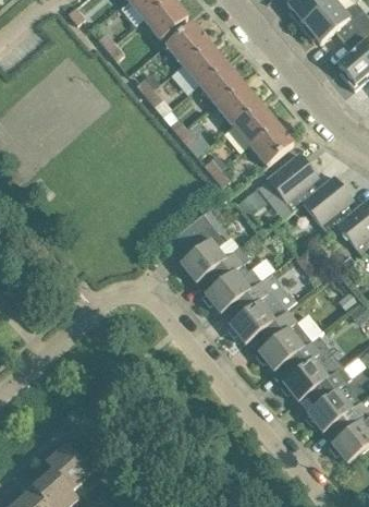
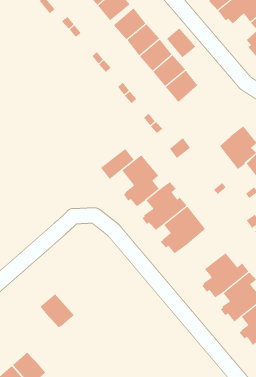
building: none -> [166,27,196,58]
building: [250,122,294,165] -> none
building: [268,153,319,209] -> none
building: none -> [100,148,134,180]
building: [256,309,323,370] -> none
building: [46,444,91,488] -> [39,294,75,328]

